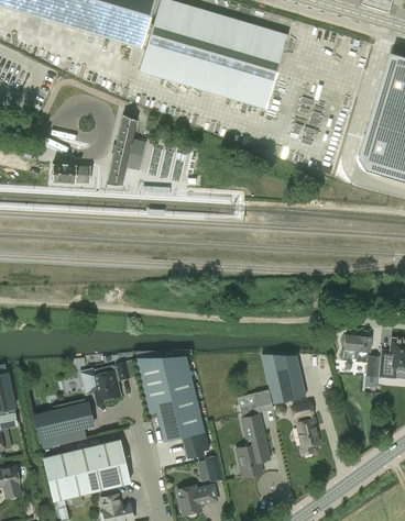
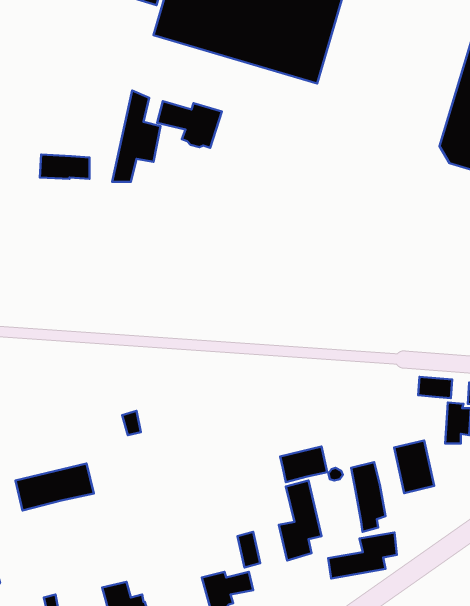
building: none -> [157,101,222,148]
building: [136,357,209,454] -> none
building: [275,362,306,402] -> [394,440,434,493]
building: [83,366,118,400] -> none
building: [44,440,130,501] -> none
building: none -> [328,533,397,579]

